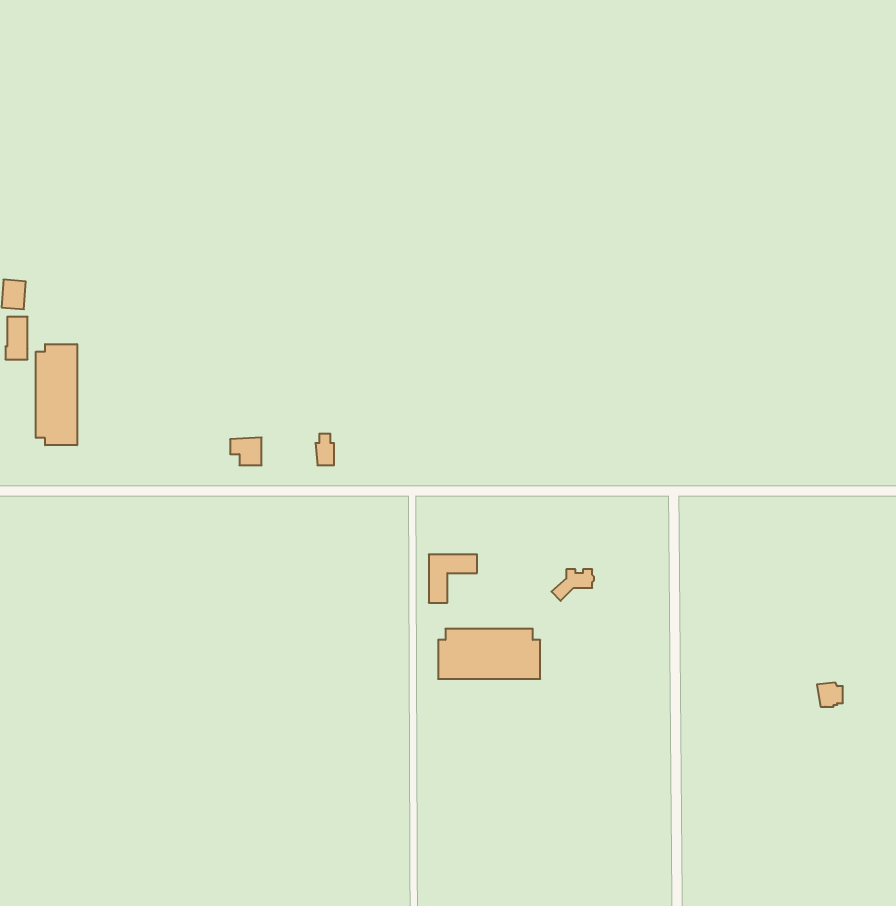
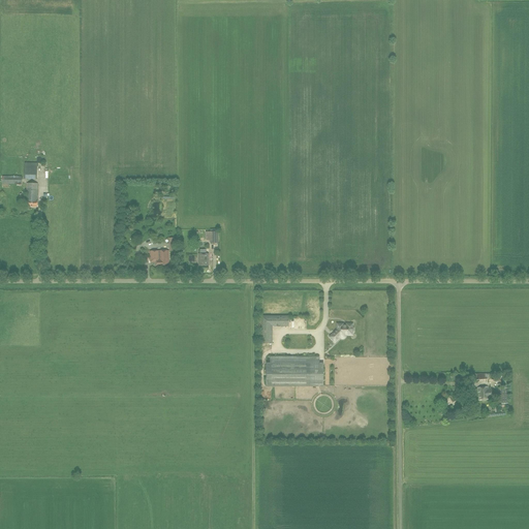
building: [36,344,77,445] -> none

